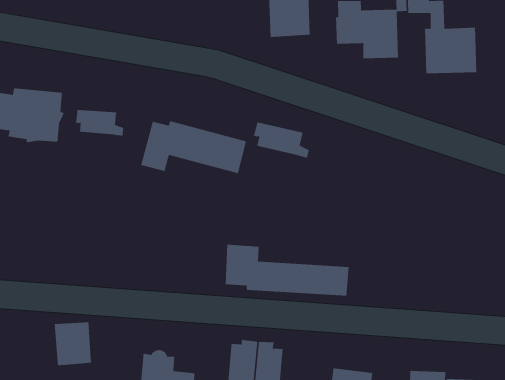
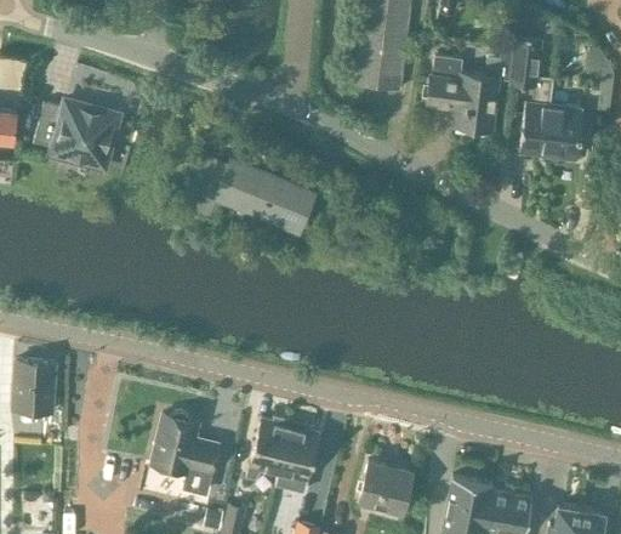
building: [75,109,124,136] -> none
building: [253,122,310,159] -> none
building: [225,244,349,297] -> none
building: [54,322,92,366] -> [15,362,57,411]

